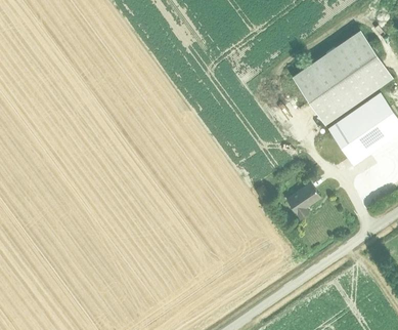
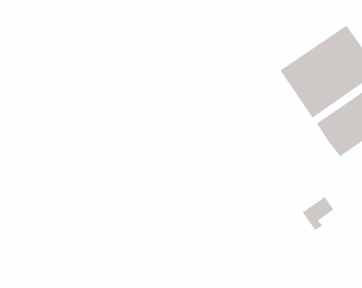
building: [288,184,320,219] -> [302,196,334,231]

